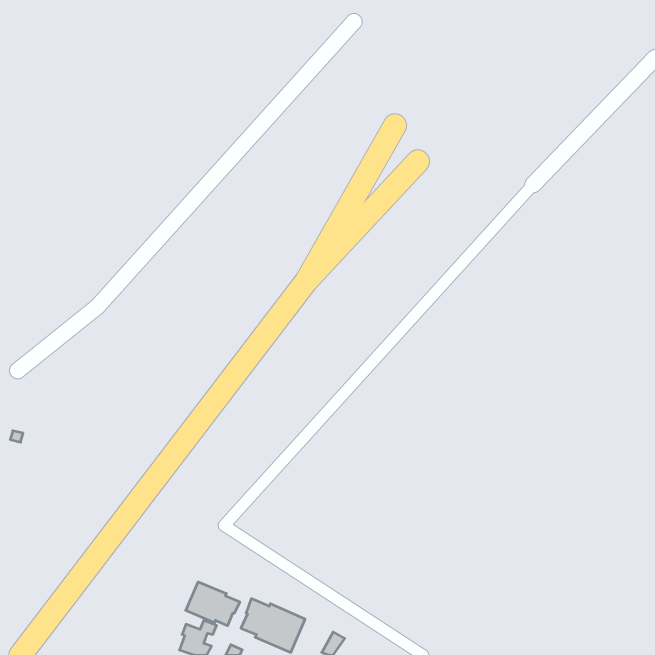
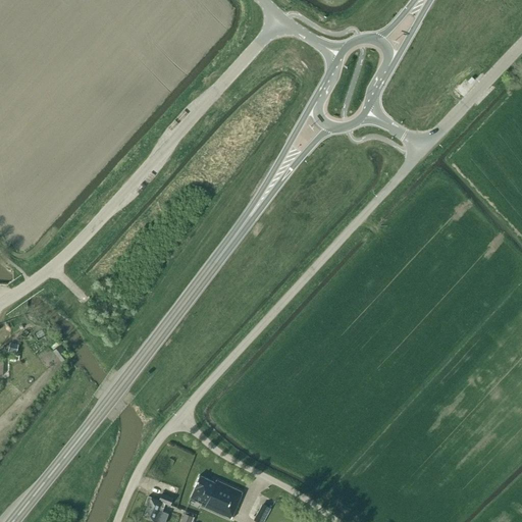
building: [186,582,240,626] -> none

